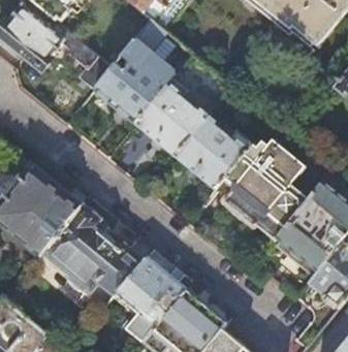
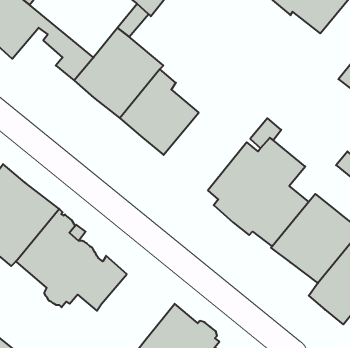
building: [175,116,250,186] -> none
building: [119,257,185,321] -> none

